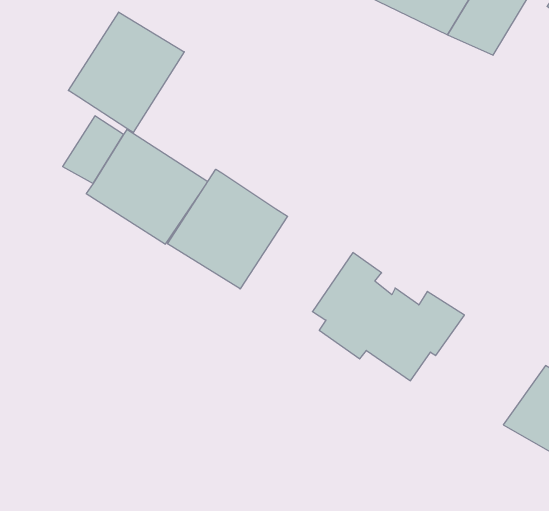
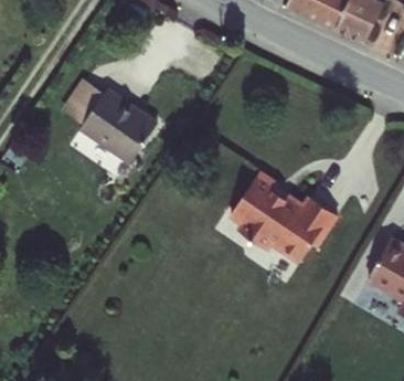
building: [68,12,184,132] -> none
building: [168,169,288,289] -> none

